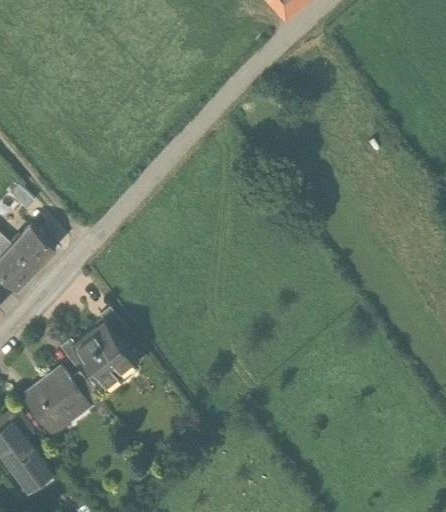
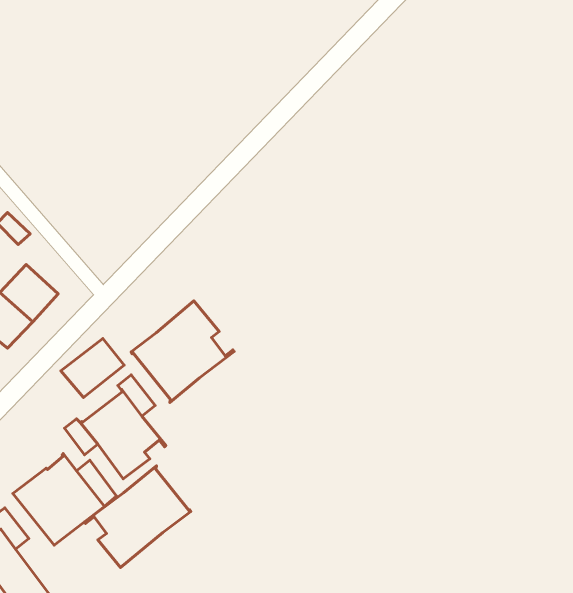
building: none -> [131,301,234,402]
building: none -> [61,338,124,398]
building: none -> [85,466,191,568]

